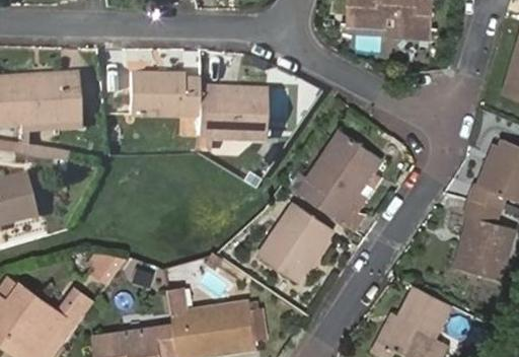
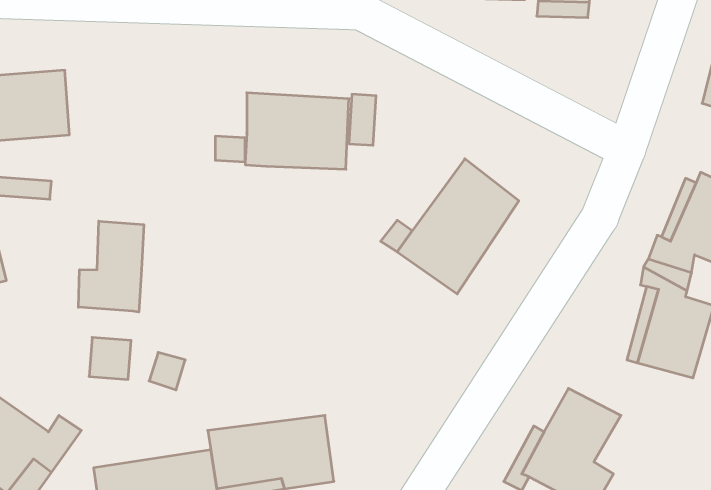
building: [130,71,199,115] -> none
building: none -> [78,221,144,312]
building: [263,203,335,281] -> none

